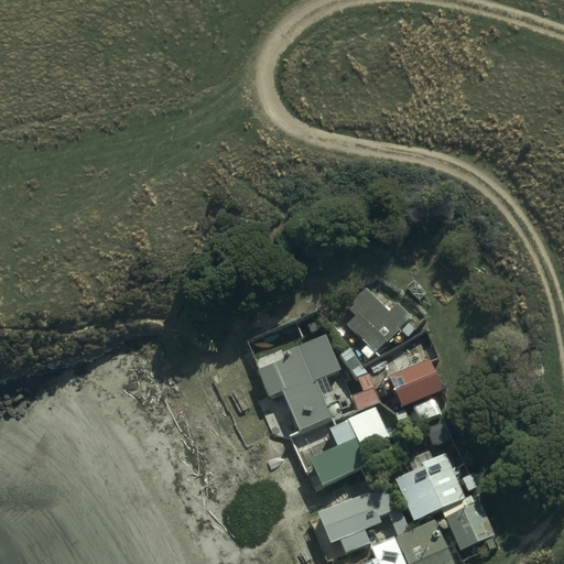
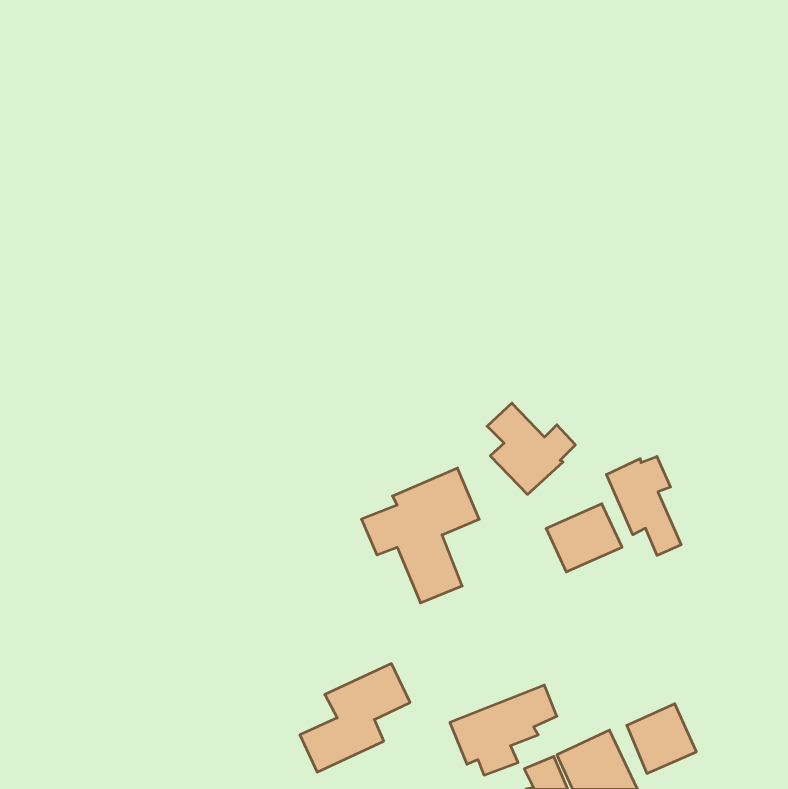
building: none -> [606,456,681,555]
building: [310,408,388,485] -> [300,664,410,772]
building: [397,453,464,518] -> none

